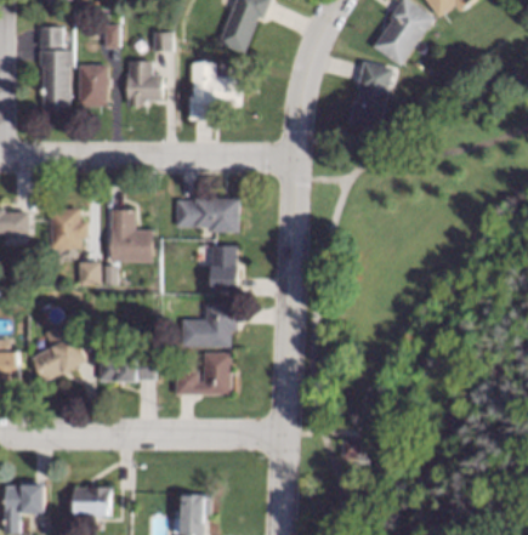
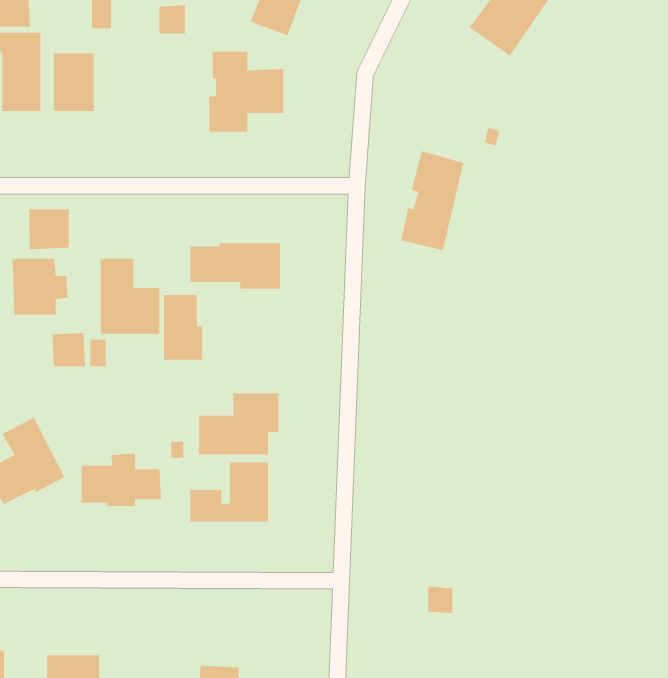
building: [126,61,163,107] -> none
building: [348,61,393,131] -> [400,151,464,251]
building: none -> [29,208,69,250]
building: [211,245,239,291] -> [163,294,203,360]

